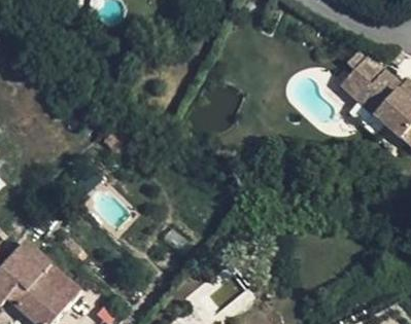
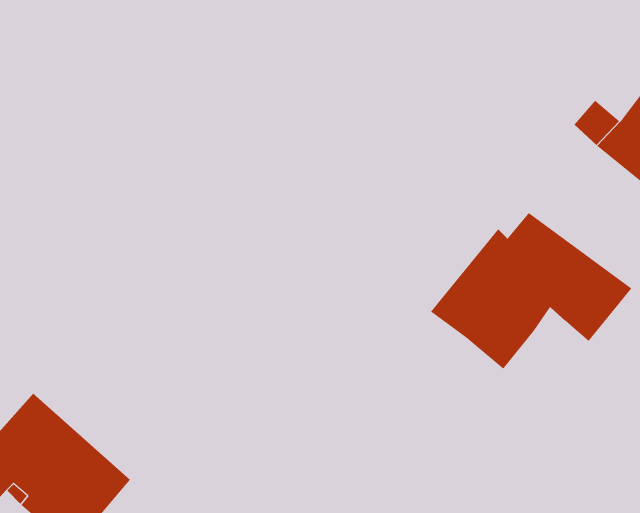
building: none -> [430,212,632,370]

